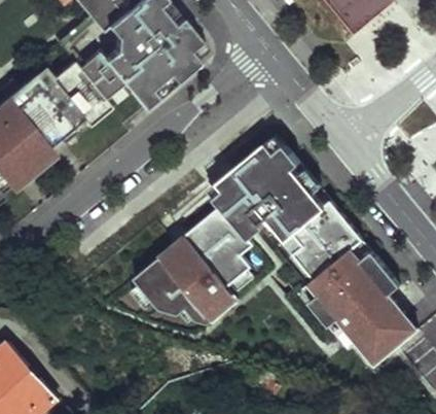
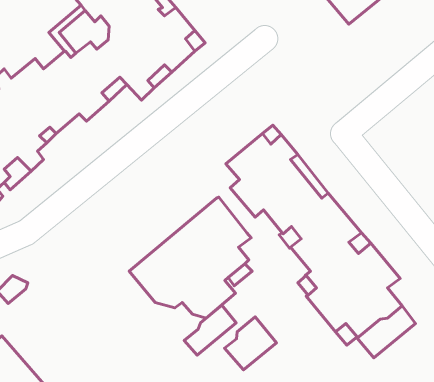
building: [211,172,260,240] -> none
building: none -> [184,305,236,355]
building: none -> [225,317,276,370]

